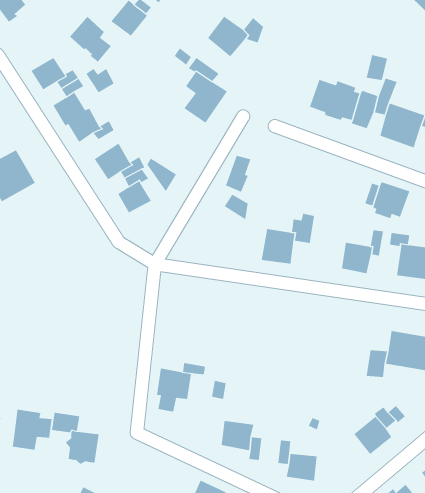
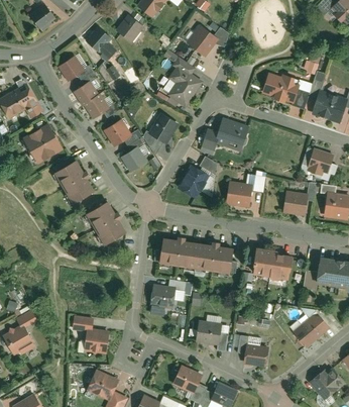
building: none -> [150,114,178,143]
building: none -> [215,118,248,150]
building: none -> [54,161,94,203]
building: none -> [178,166,208,198]
building: none -> [86,202,126,245]
building: none -> [160,237,233,273]
building: none -> [252,247,294,280]
building: [12,409,52,451] -> none

